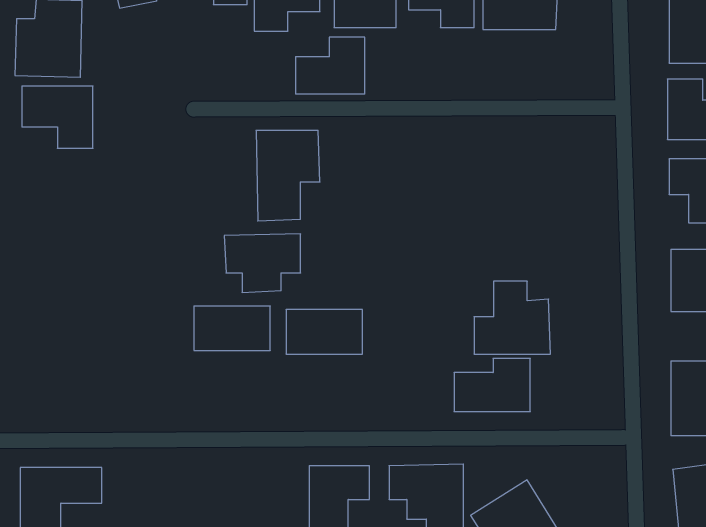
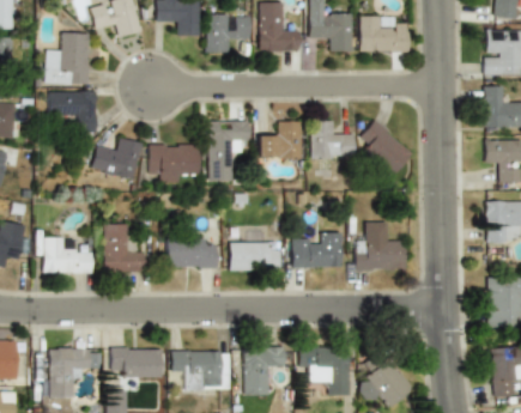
building: [296,37,365,94] -> [258,121,304,159]
building: none -> [362,120,414,177]
building: none -> [313,121,356,160]
building: none -> [90,138,143,181]
building: [224,234,301,292] -> [147,144,199,183]
building: none -> [103,224,145,273]
building: none -> [43,237,93,273]
building: [454,358,530,412] -> [290,233,341,269]
building: none -> [113,348,164,377]
building: none -> [171,351,230,381]

